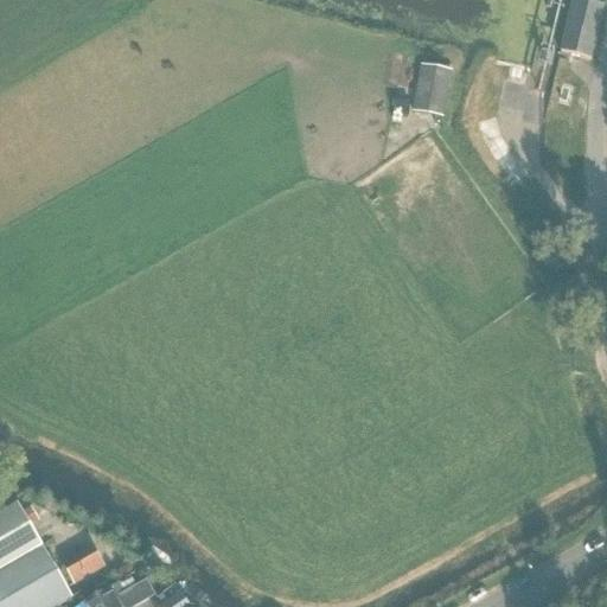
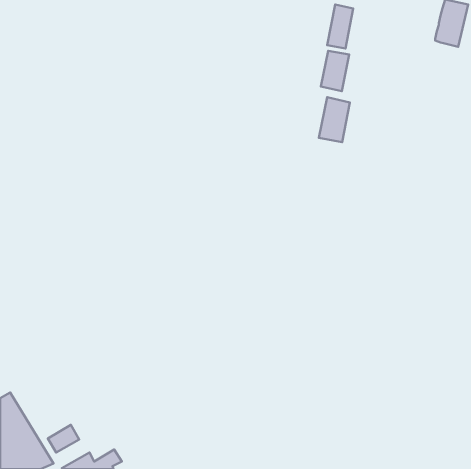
building: none -> [327,4,353,48]
building: none -> [319,97,350,142]

